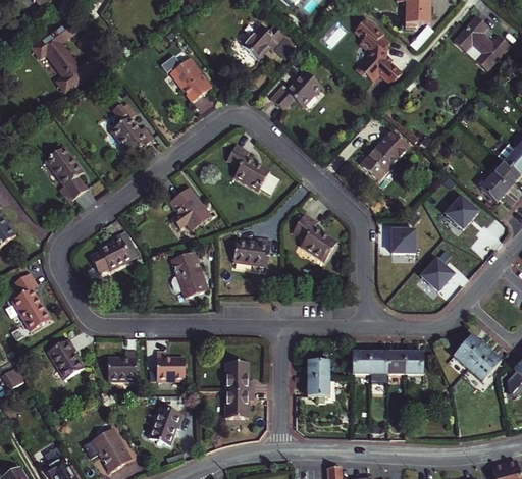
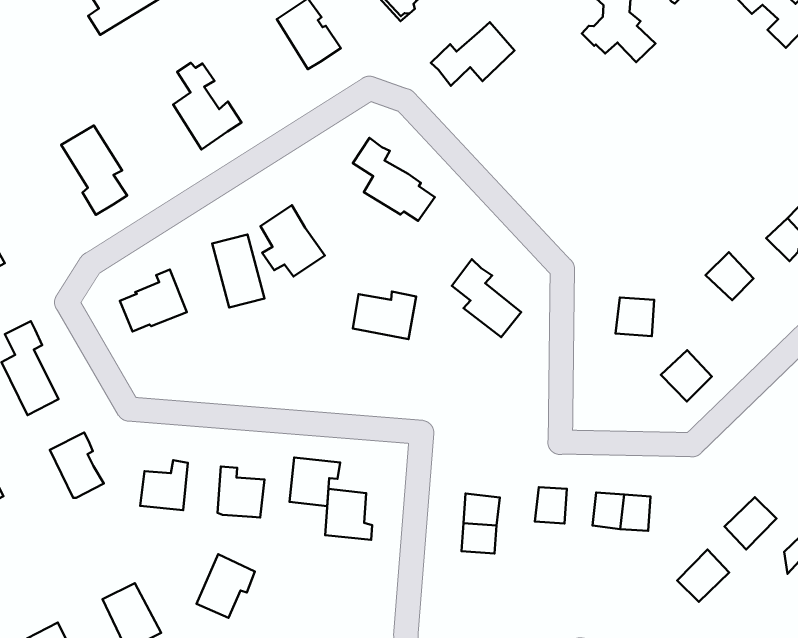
building: [357,127,406,178] -> none
building: [170,251,205,297] -> [212,234,265,308]
building: [455,335,486,368] -> [677,550,729,602]
building: [370,352,388,373] -> none
building: [222,390,252,419] -> [290,458,340,506]

